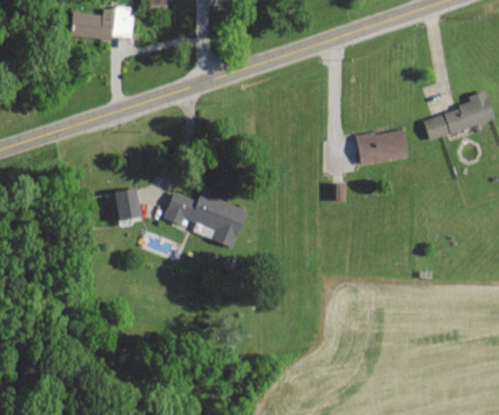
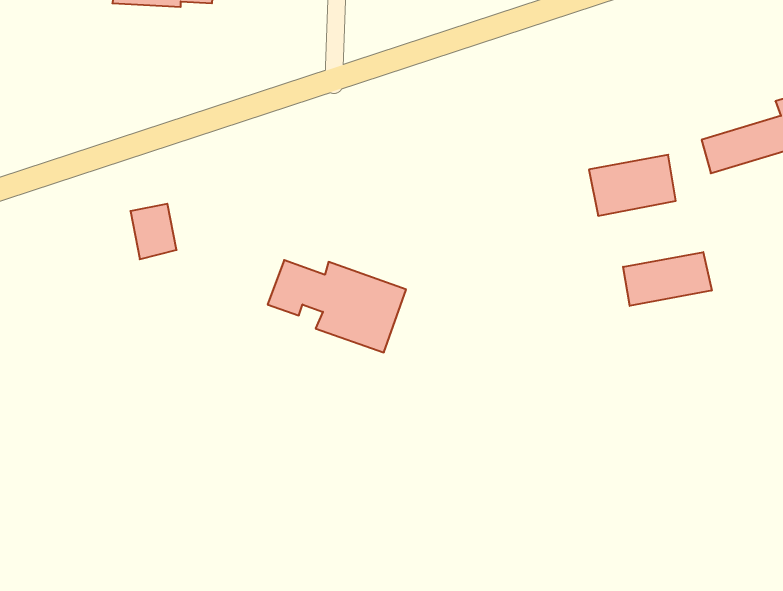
building: none -> [623,252,712,306]
building: [114,188,142,221] -> [130,204,177,259]

